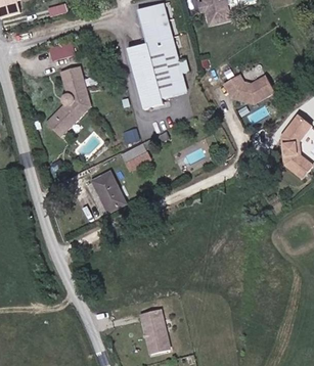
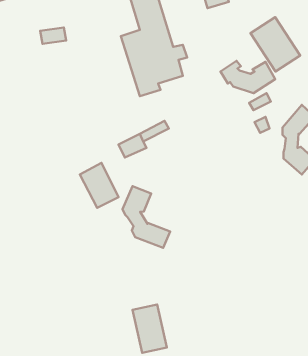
building: none -> [251,17,300,72]
building: [46,64,91,136] -> none
building: none -> [122,186,170,248]

